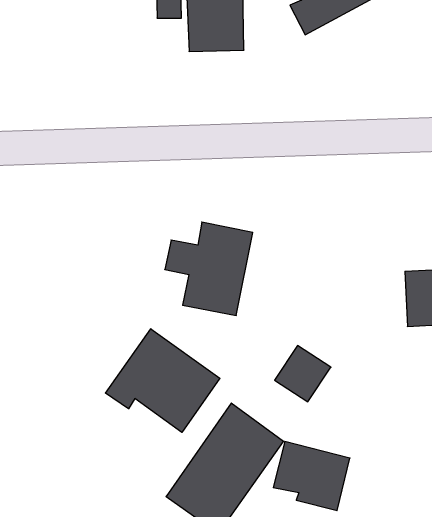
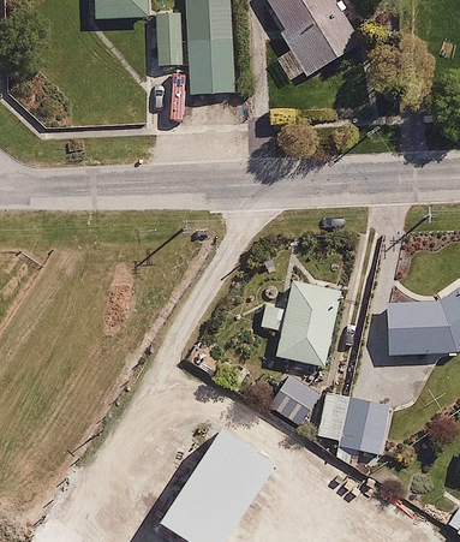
building: [165,222,253,315] -> [258,280,341,368]
building: [105,329,220,432] -> none
building: [273,441,350,511] -> [316,389,388,454]

